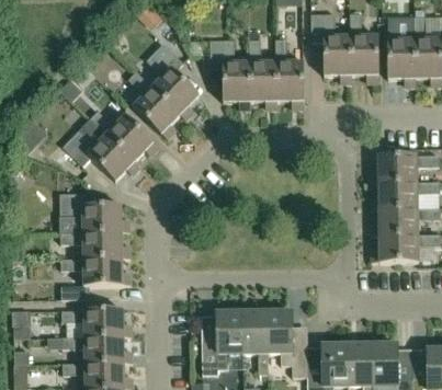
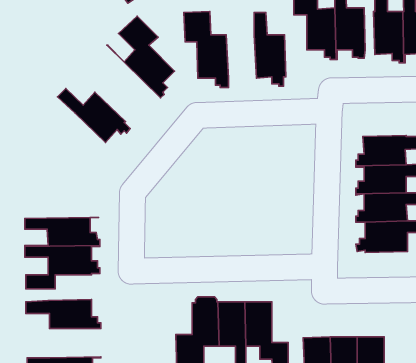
building: [249,39,277,110] -> none
building: [129,70,188,139] -> none
building: [64,118,141,181] -> none
building: [59,192,129,232] -> none
building: [61,335,132,363] -> none

